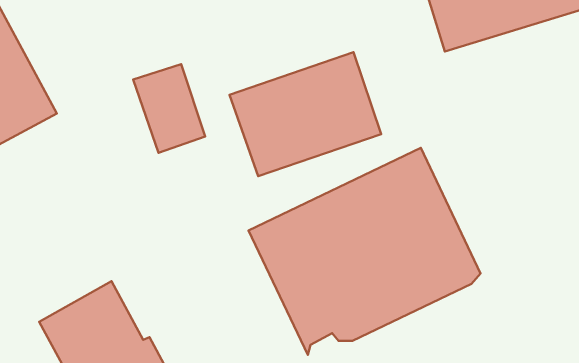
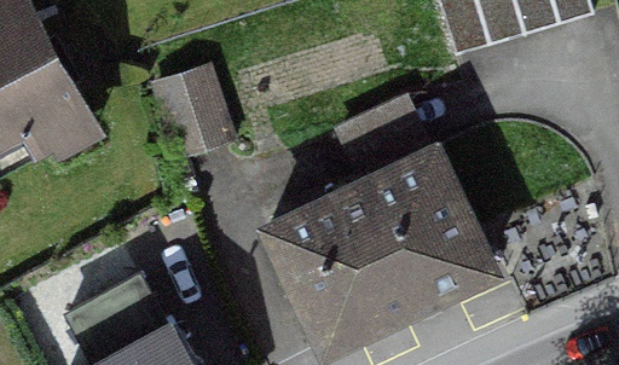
building: [230,52,381,176] -> none

